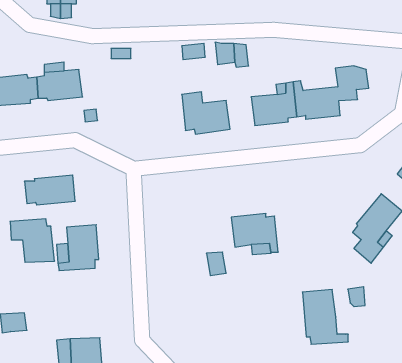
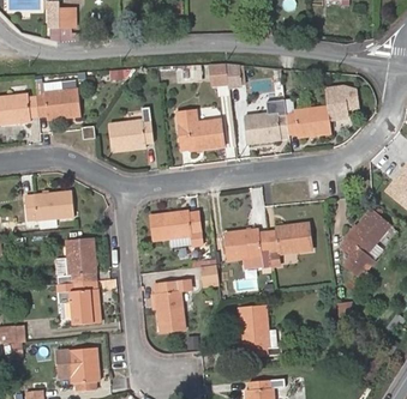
building: none -> [108,107,152,150]
building: none -> [151,210,202,244]
building: none -> [267,220,311,265]
building: [10,219,55,262] -> [58,280,101,322]
building: none -> [154,280,190,330]
building: [302,290,348,344] -> [237,303,281,356]

